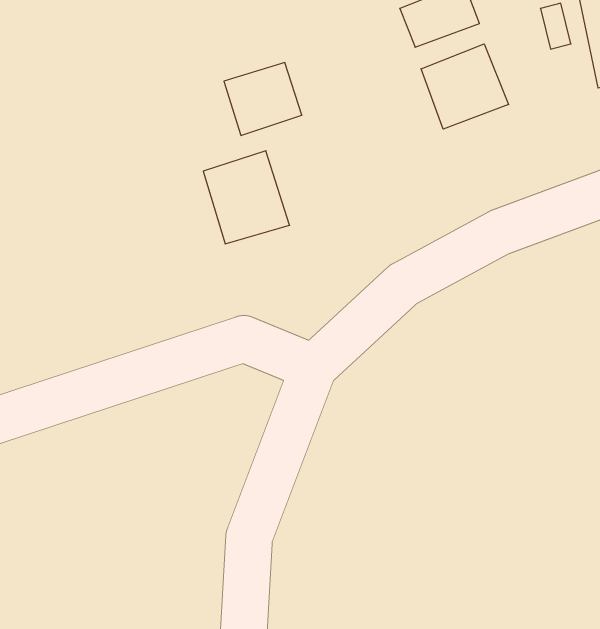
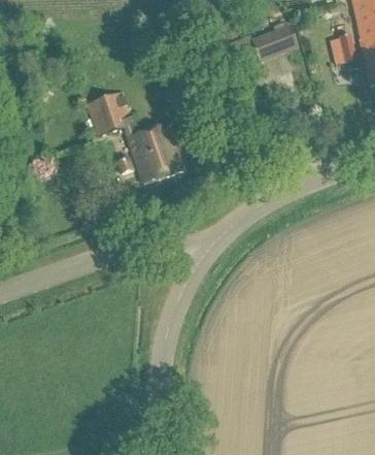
building: [421,44,509,129] -> none
building: [224,63,302,135] -> [84,90,132,134]

